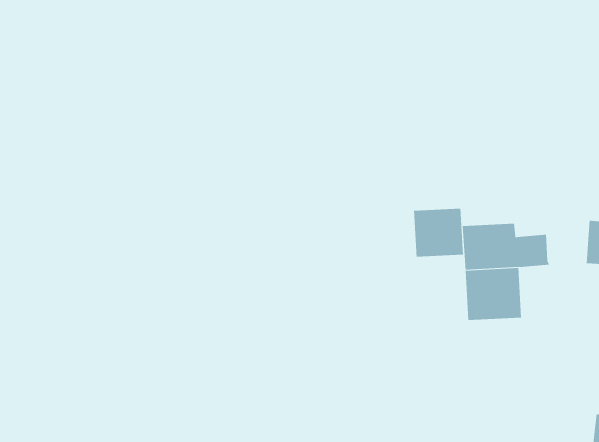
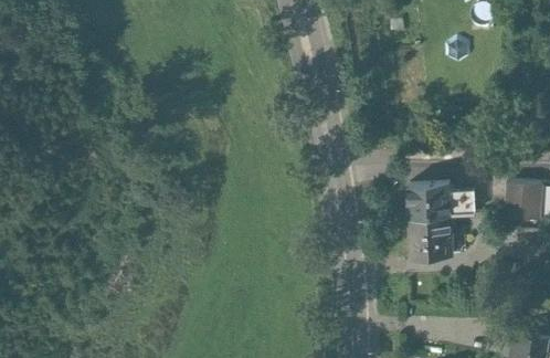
building: [414,208,463,258] -> none

